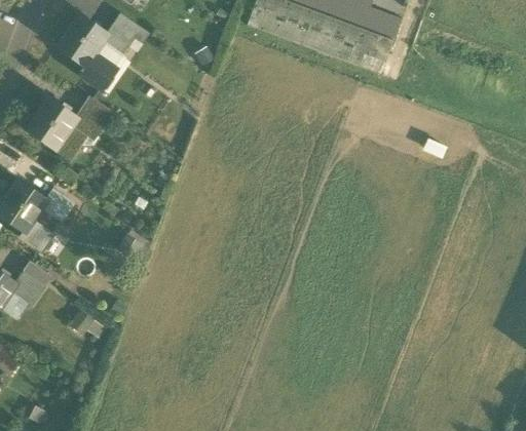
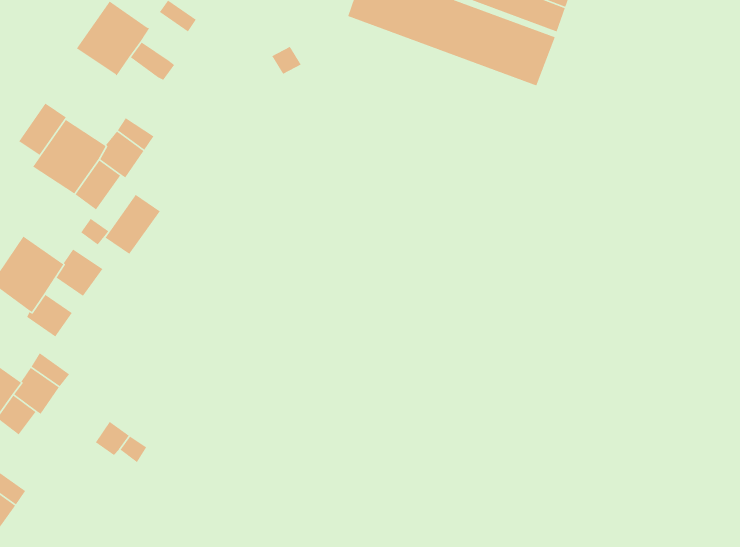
building: [103,22,136,55] -> none
building: [79,53,114,87] -> none
building: none -> [18,103,67,156]
building: none -> [105,194,161,255]

